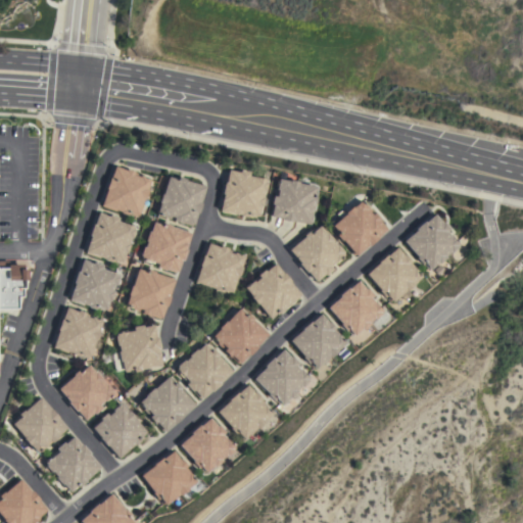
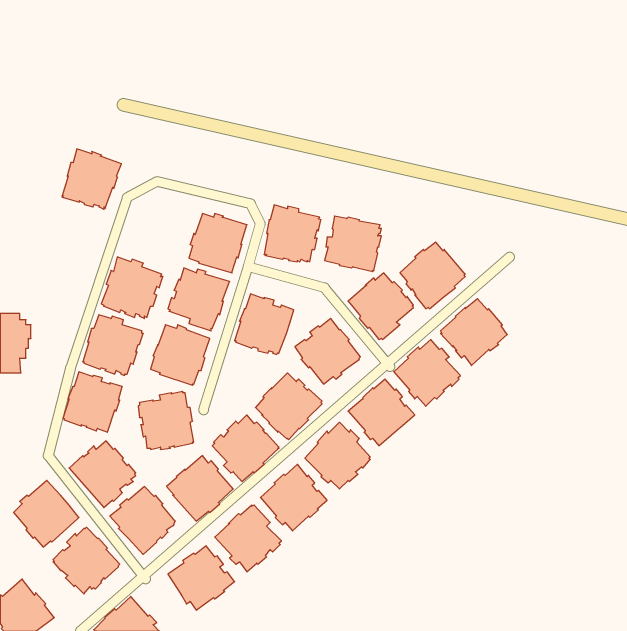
building: [104,167,153,217] -> [62,149,121,209]
building: [405,215,460,270] -> none

